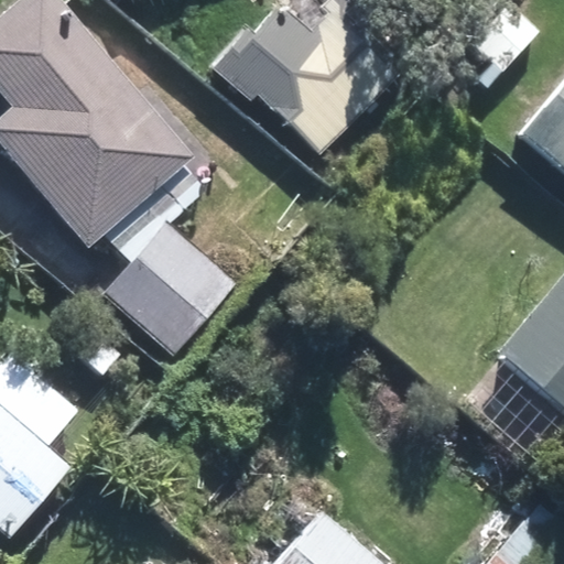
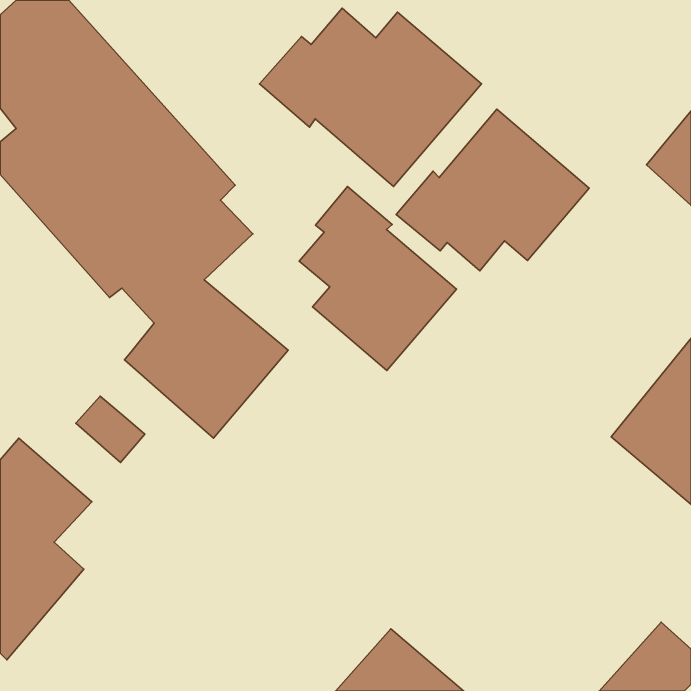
building: none -> [396,109,589,271]
building: none -> [299,186,457,371]

